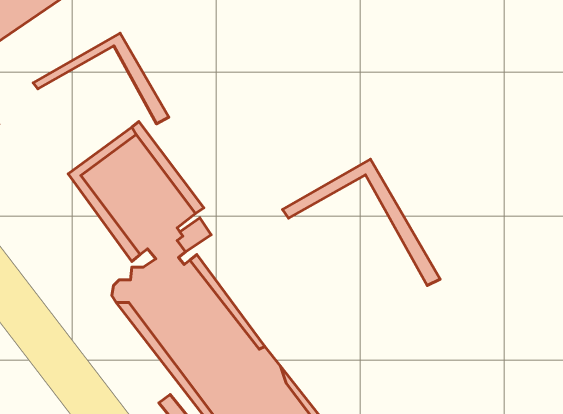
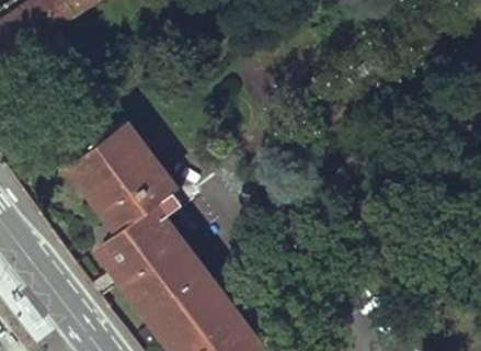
building: [33,33,169,124] -> none
building: [282,159,440,286] -> none

